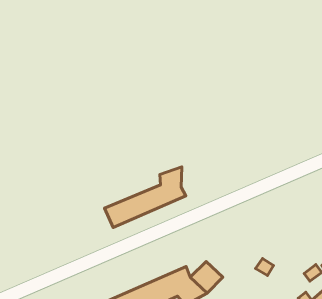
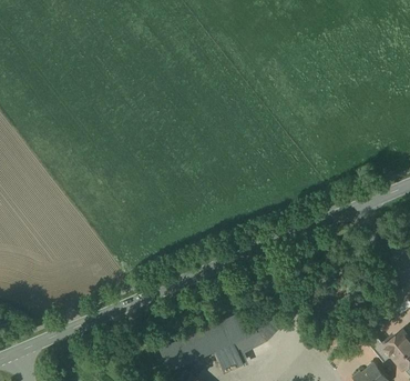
building: [105,167,186,228] -> none

